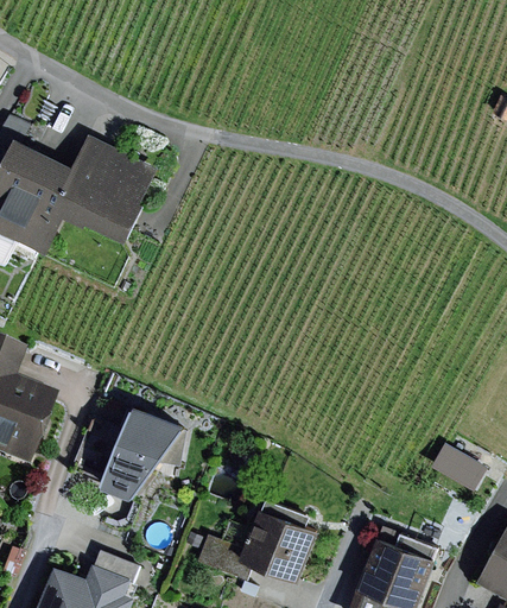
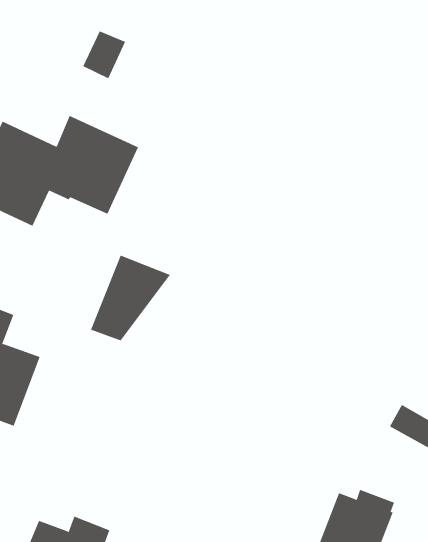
building: none -> [82,31,126,79]
building: [100,406,186,499] -> [90,255,171,341]
building: [195,501,317,583] -> none

